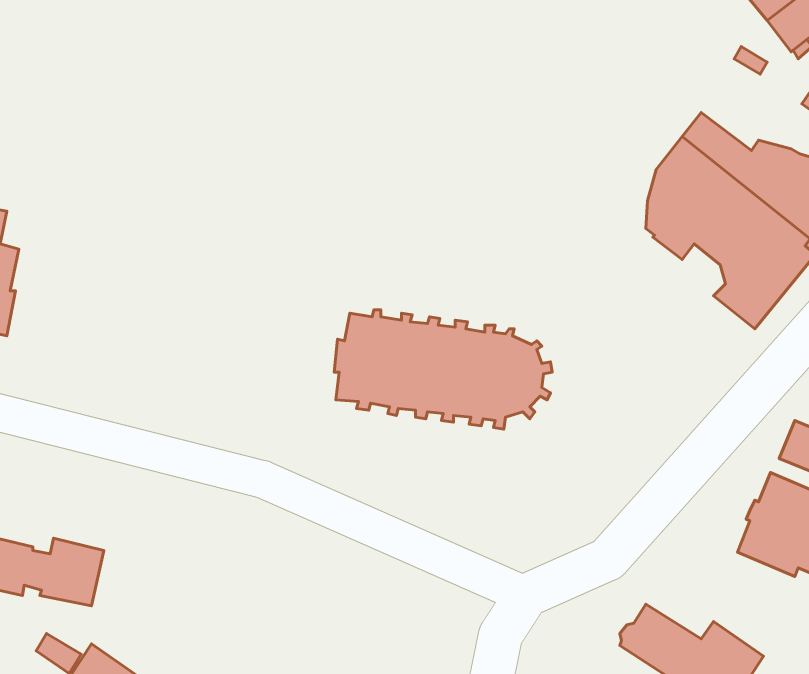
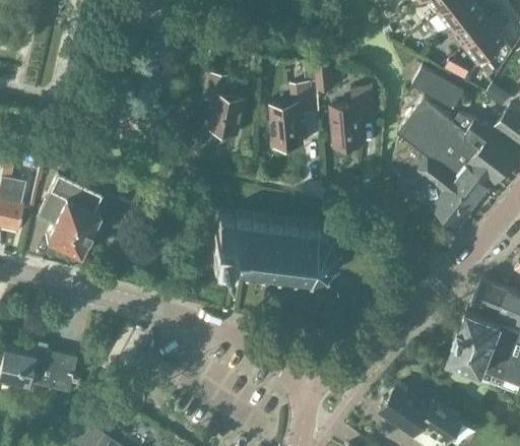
building: none -> [271,60,333,149]
building: none -> [413,68,466,111]
building: none -> [203,75,244,135]
building: none -> [332,88,374,148]
building: none -> [40,176,100,257]

